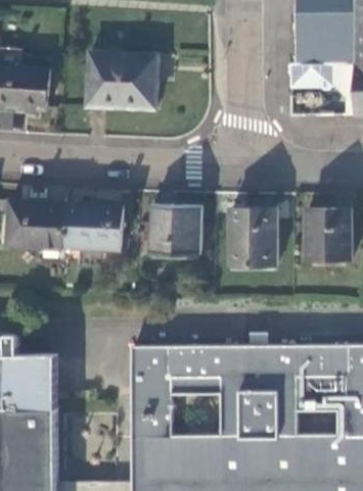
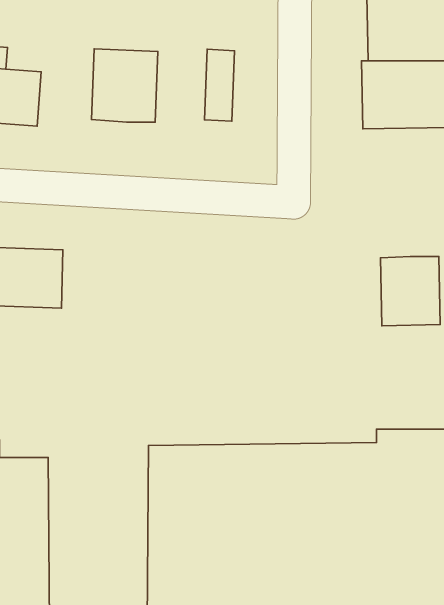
building: [136,53,158,107] -> [205,49,234,121]
building: [65,202,122,248] -> none
building: [151,206,197,252] -> none
building: [229,207,276,263] -> none

